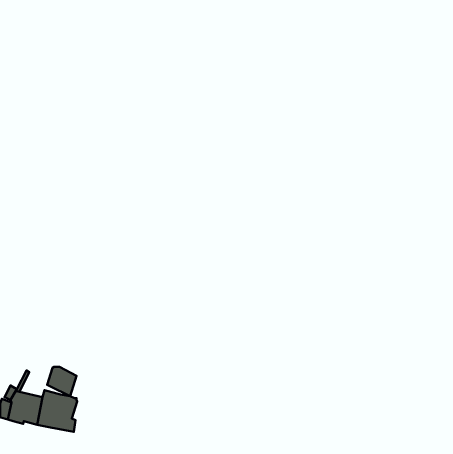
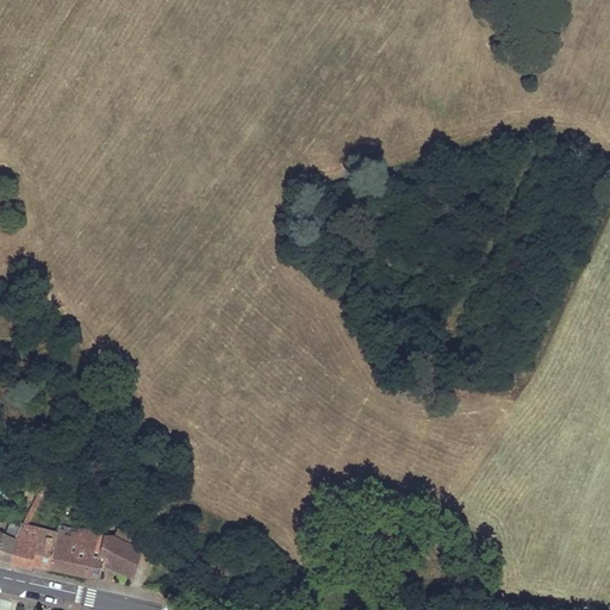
building: [47,367,76,396] -> [98,537,137,577]

